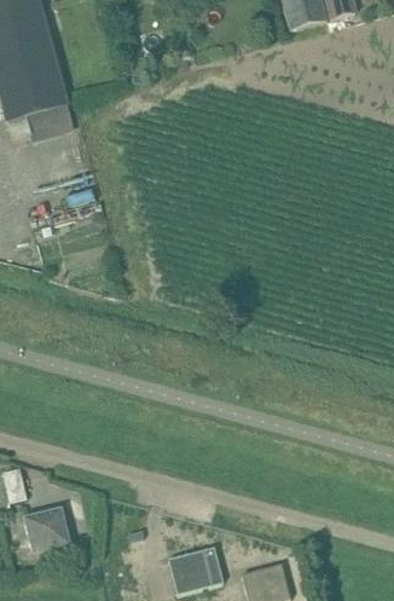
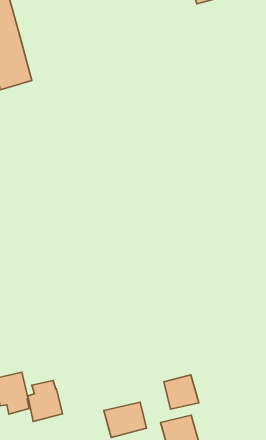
building: none -> [164,375,199,409]
building: none -> [28,381,63,421]

